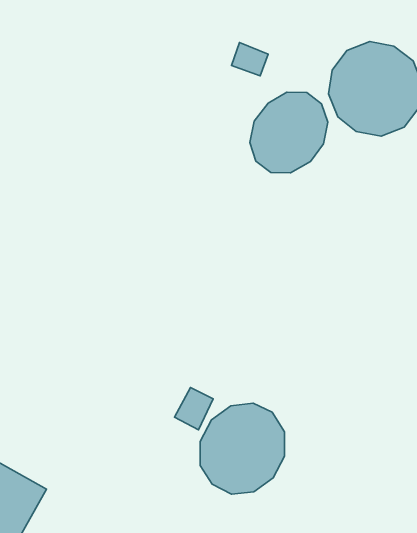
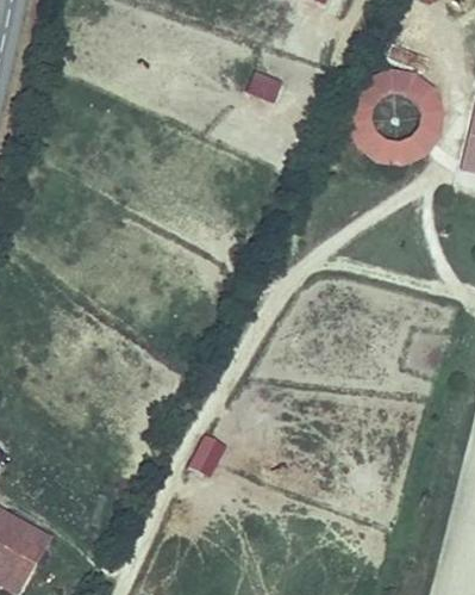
building: [250,92,328,173] -> none
building: [200,403,285,494] -> none

